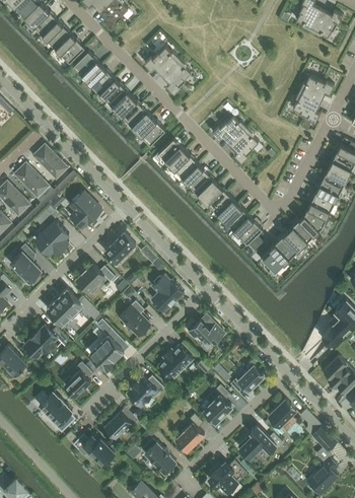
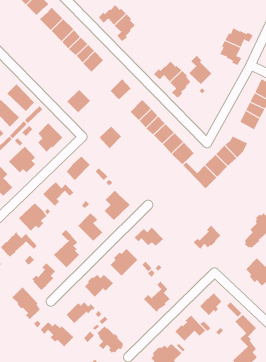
building: none -> [189,55,212,85]
building: [136,116,165,145] -> [67,89,91,113]
building: [169,150,198,179] -> [99,126,122,149]
building: [307,191,335,217] -> none
building: [229,362,264,393] -> [193,225,221,250]
building: [175,414,204,451] -> none

